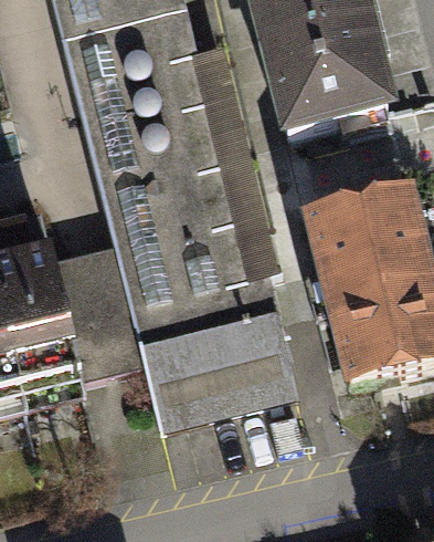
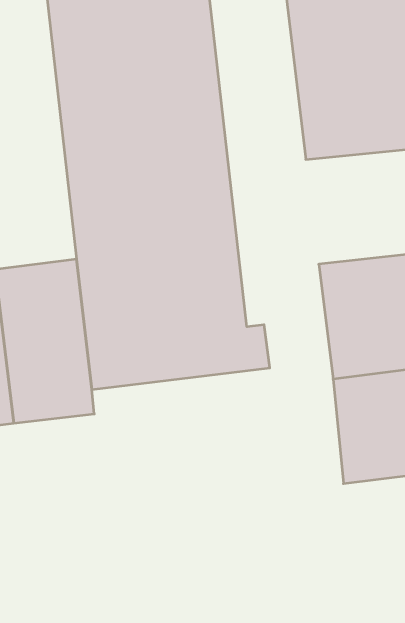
building: [141,305,300,426] -> none

